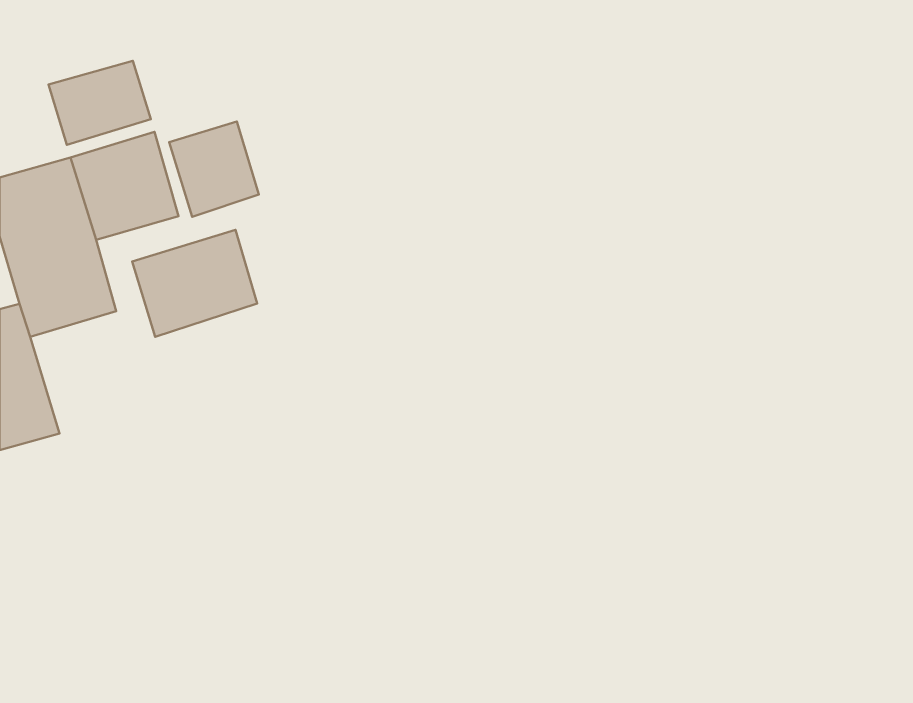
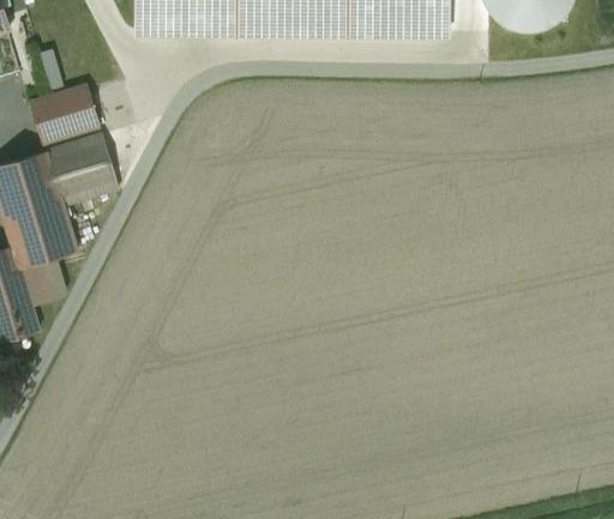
building: [169,122,259,217] -> none
building: [132,230,257,337] -> none

